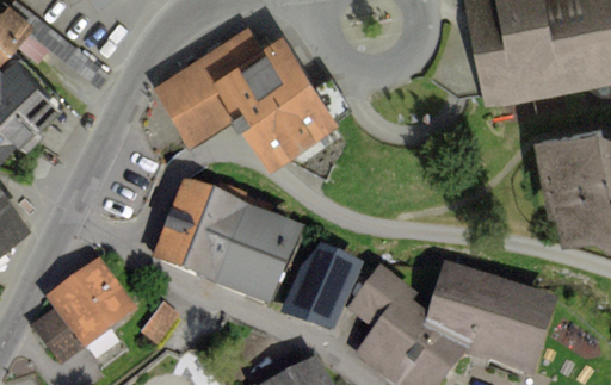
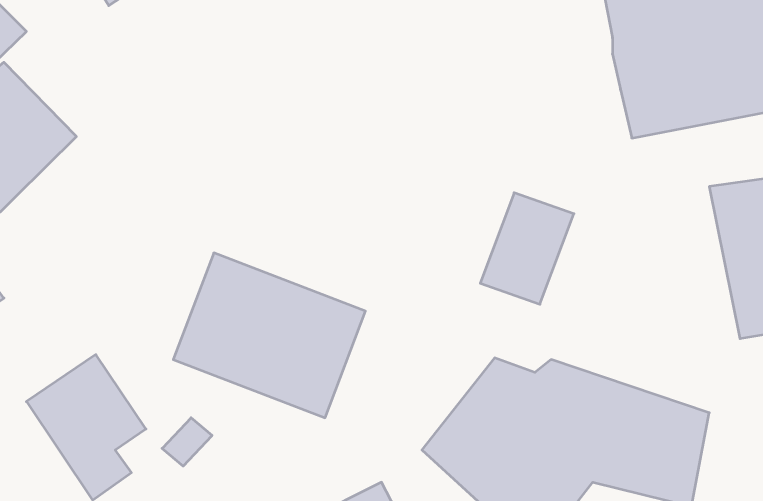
building: [153,25,326,166] -> none
building: [280,254,350,336] -> [480,193,574,304]

